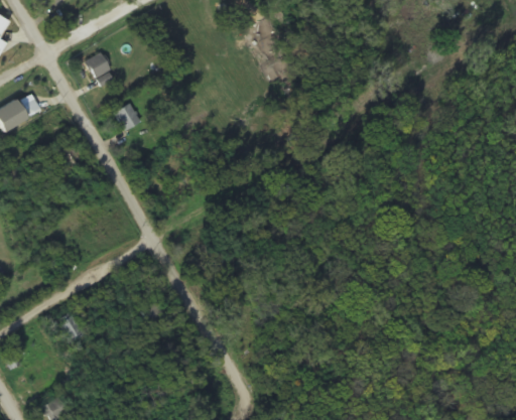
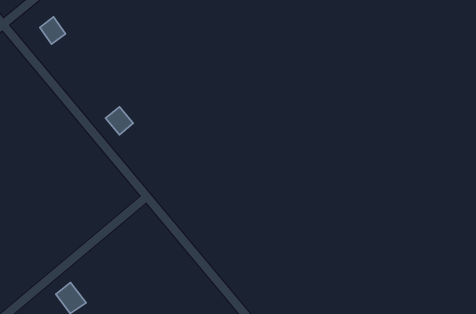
building: [115,103,141,130] -> [106,107,133,135]

